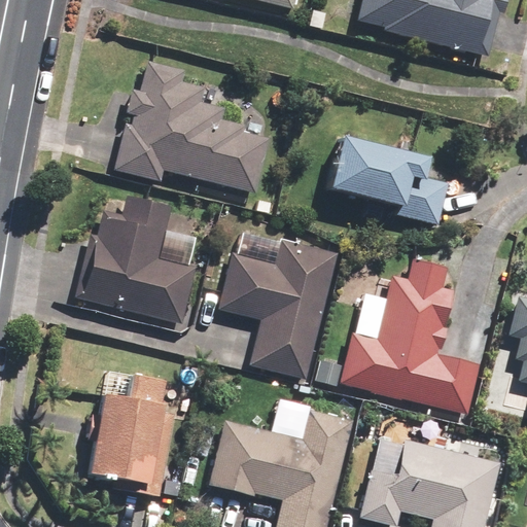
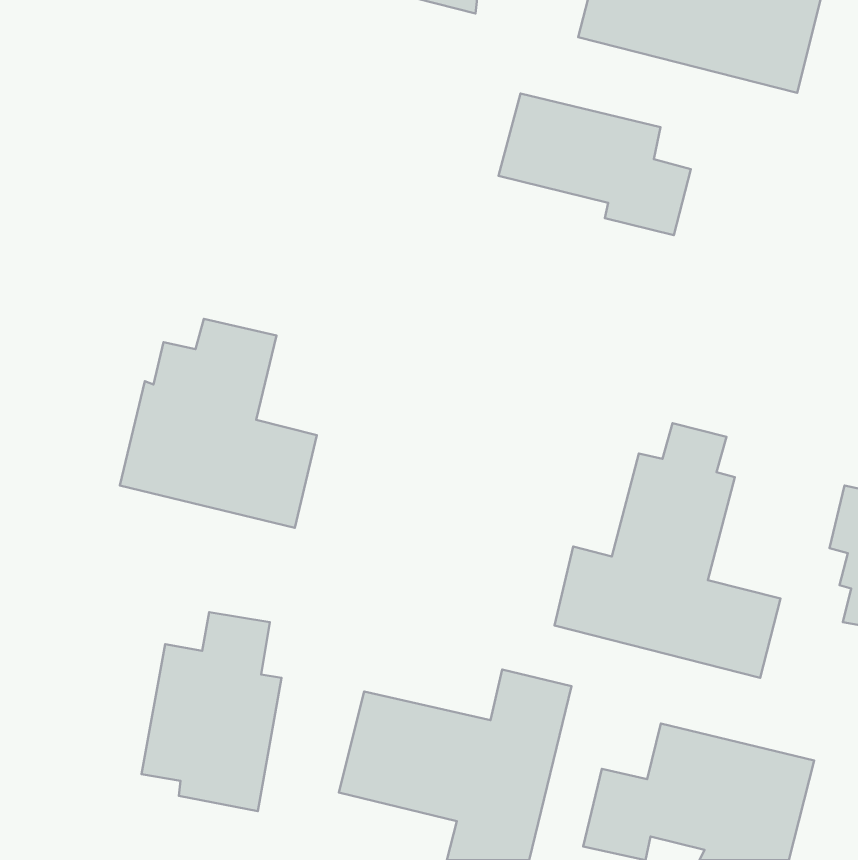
building: [114,61,268,192] -> none
building: [329,136,447,222] -> [499,93,691,235]
building: [218,240,337,378] -> none

